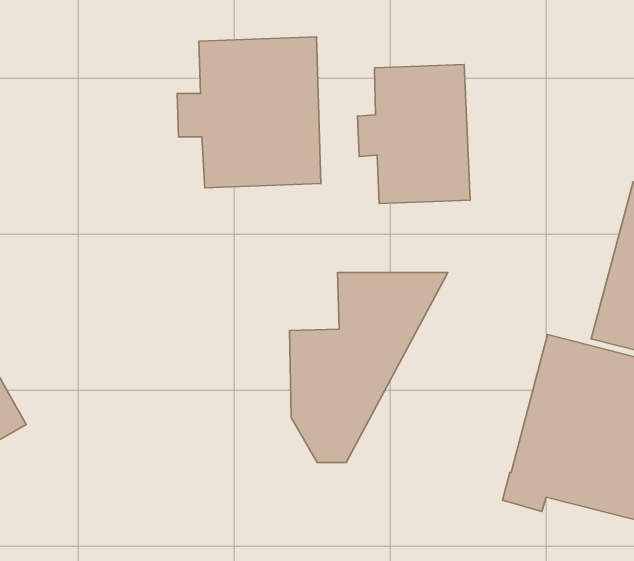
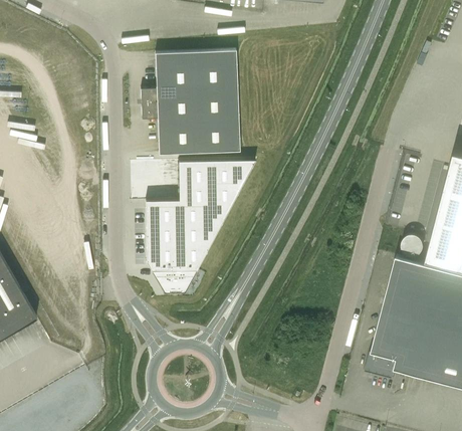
building: [358,64,470,203] -> none
building: [290,272,448,463] -> [145,162,254,293]

